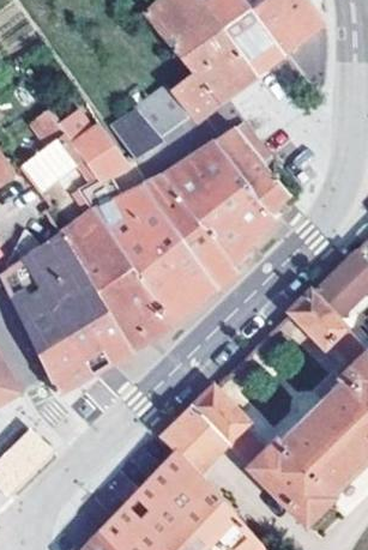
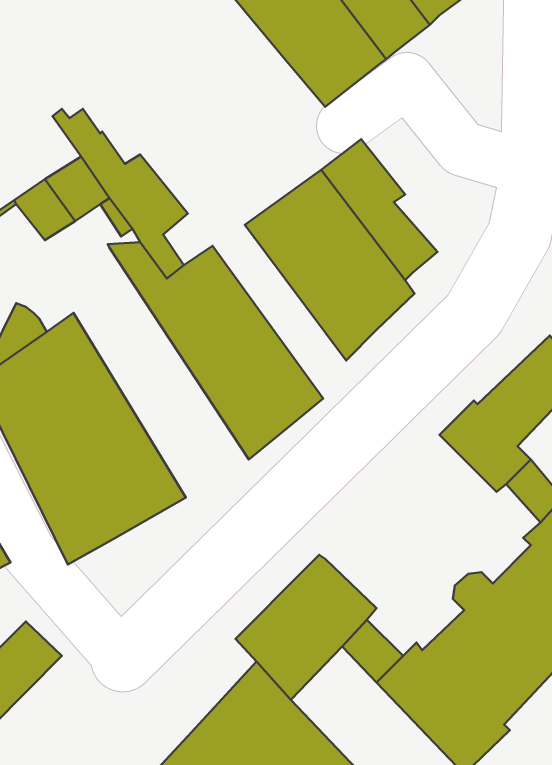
building: [114,74,218,168] -> none
building: [147,180,237,289] -> none
building: [60,194,170,351] -> none

